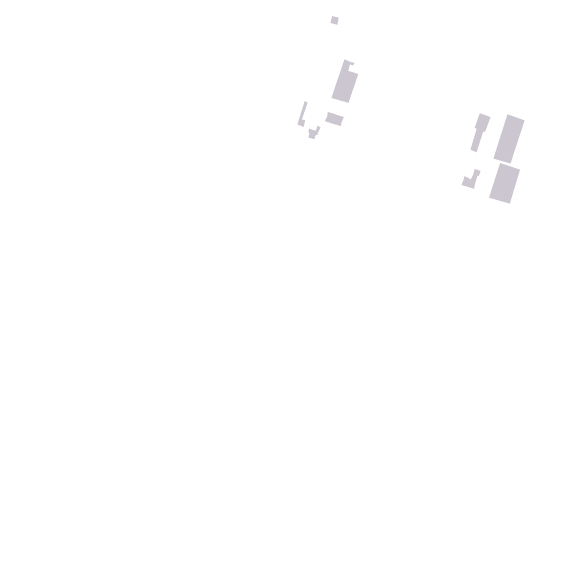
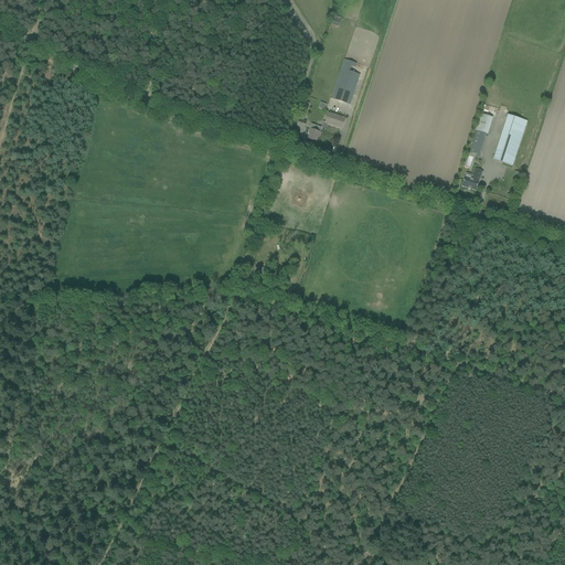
building: [488,162,521,204] -> none

